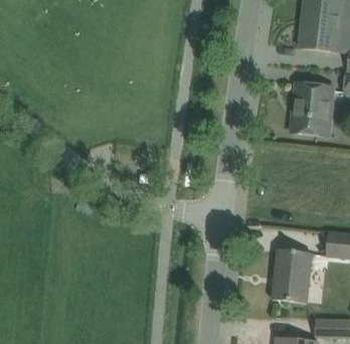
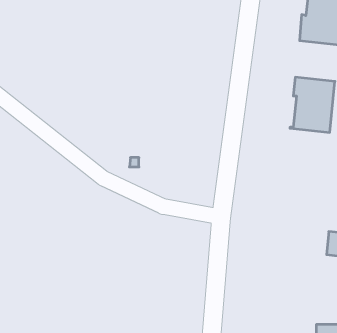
building: [272,248,312,303] -> none

